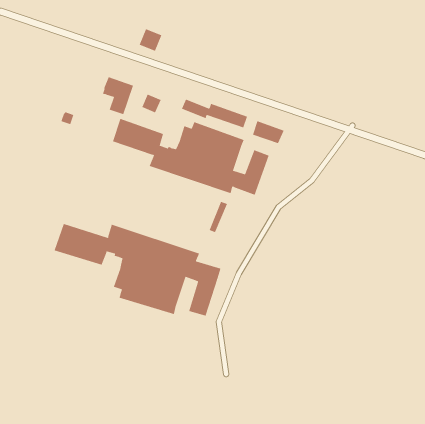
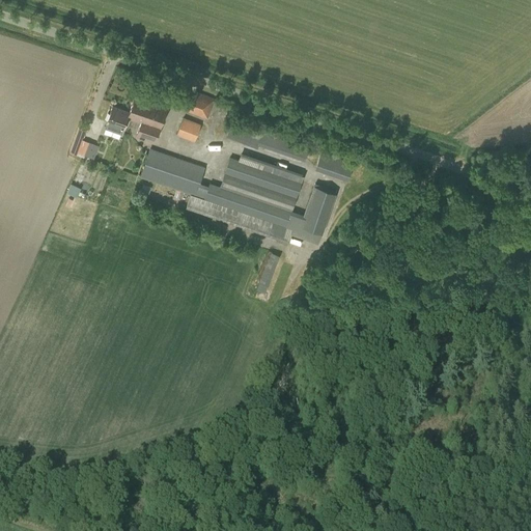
building: [139,28,162,52] -> [187,91,216,120]
building: none -> [105,106,132,135]
building: [54,223,221,317] -> none

